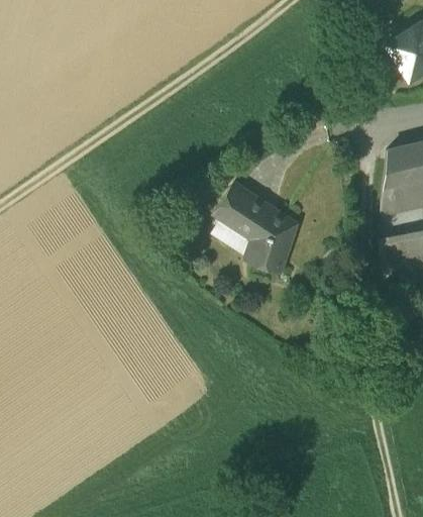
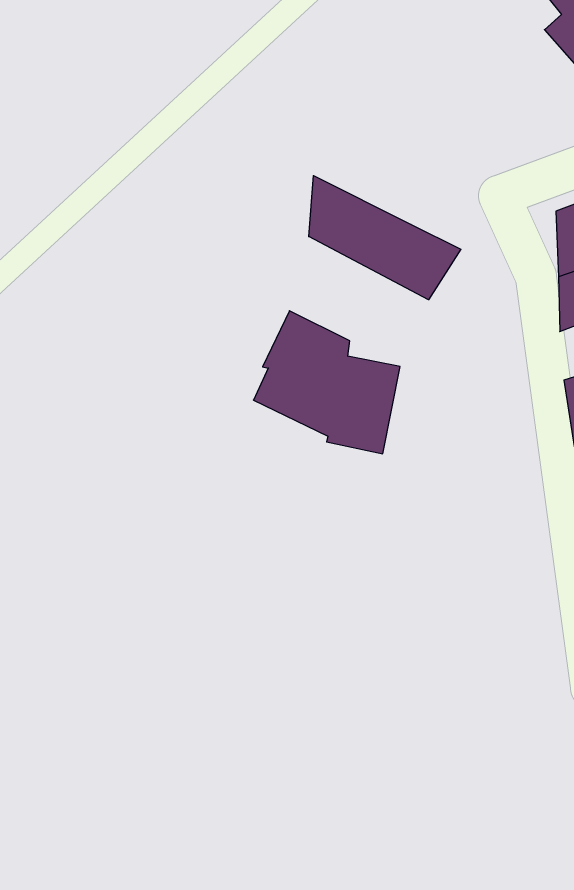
building: none -> [309,176,461,300]

